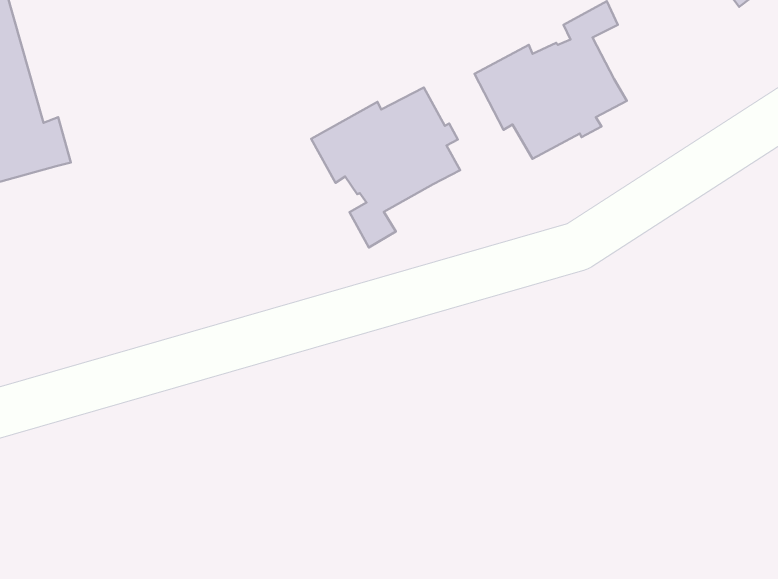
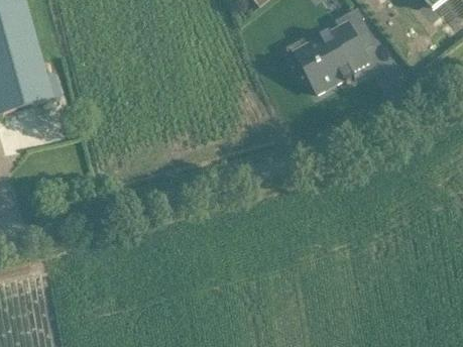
building: [311,87,460,248] -> none

